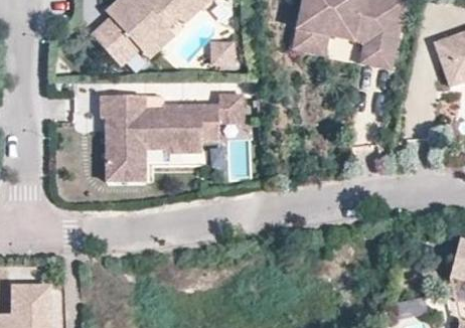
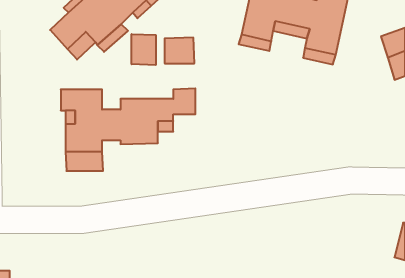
building: none -> [132,34,156,65]

